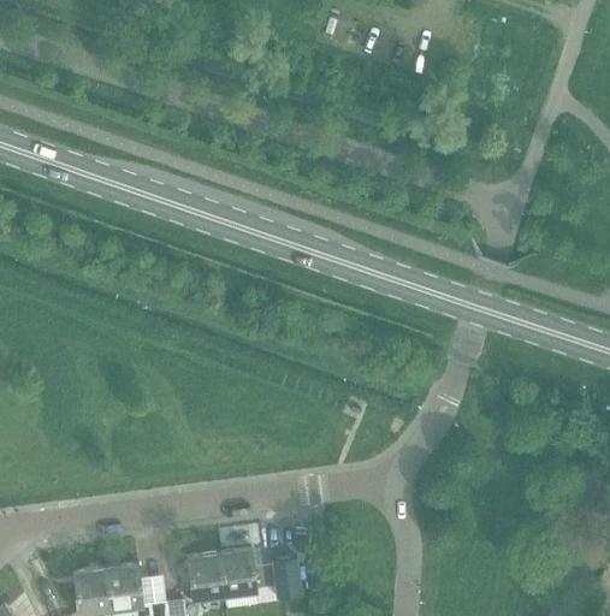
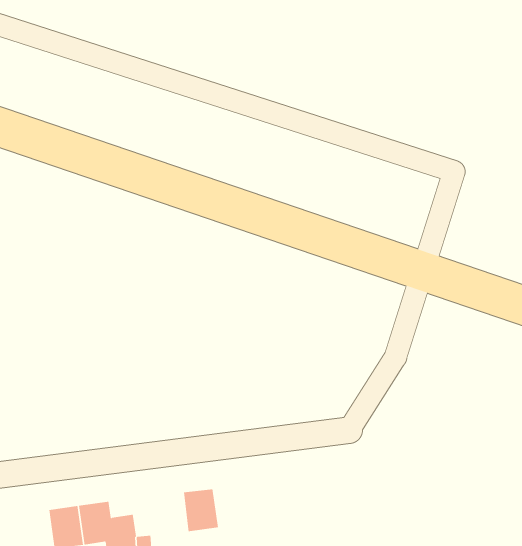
building: [186,555,224,603] -> none
building: [273,561,302,603] -> none

